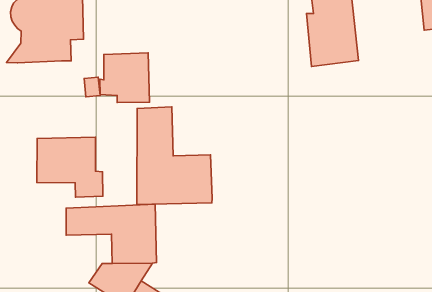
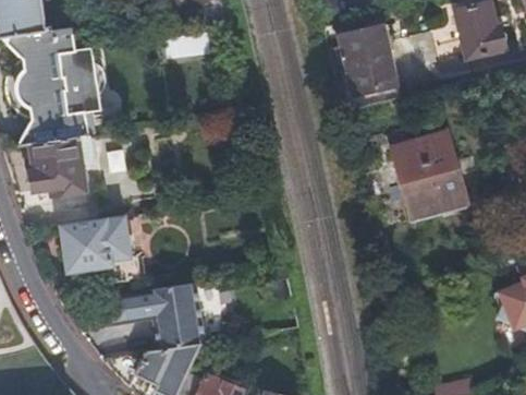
building: [100,53,149,102] -> [28,135,85,193]
building: none -> [392,133,465,217]
building: [137,107,212,205] -> none

